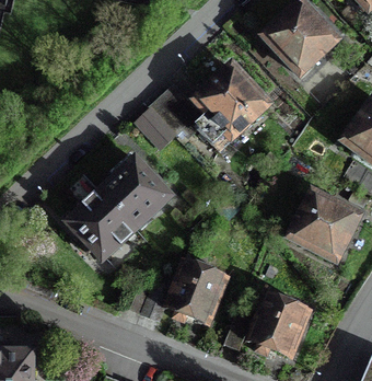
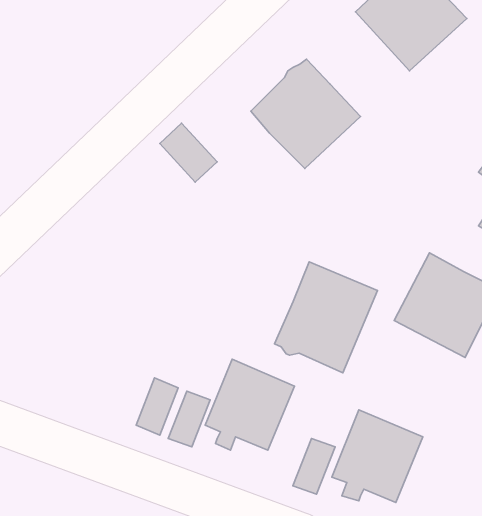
building: [153,84,210,138] -> none
building: [63,151,168,254] -> none
building: none -> [274,262,378,373]

